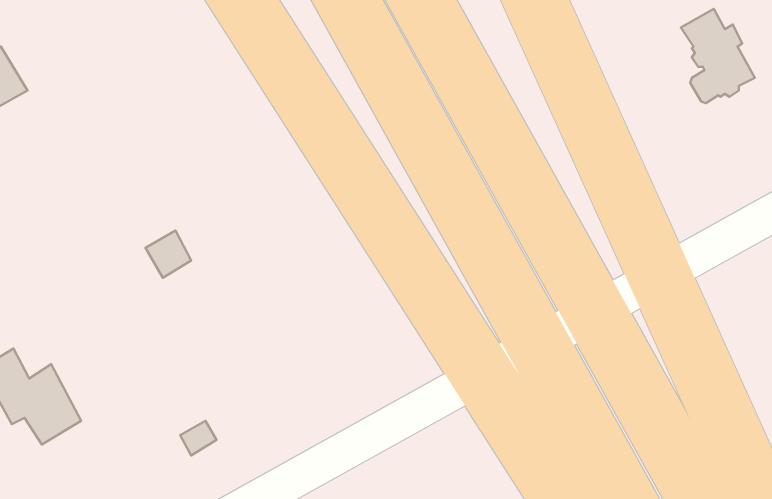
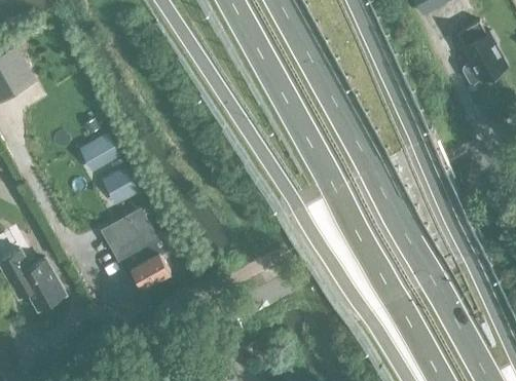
building: none -> [85,135,120,170]
building: none -> [112,214,170,289]

